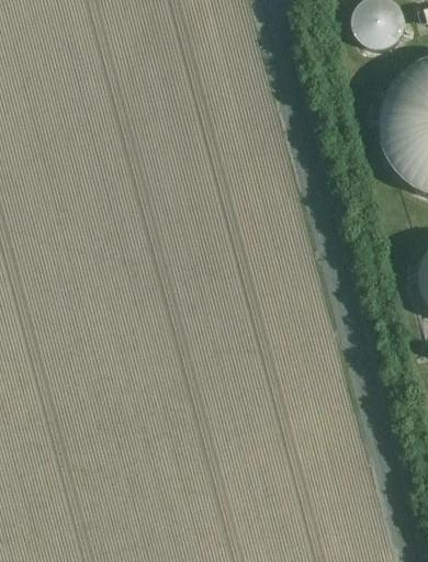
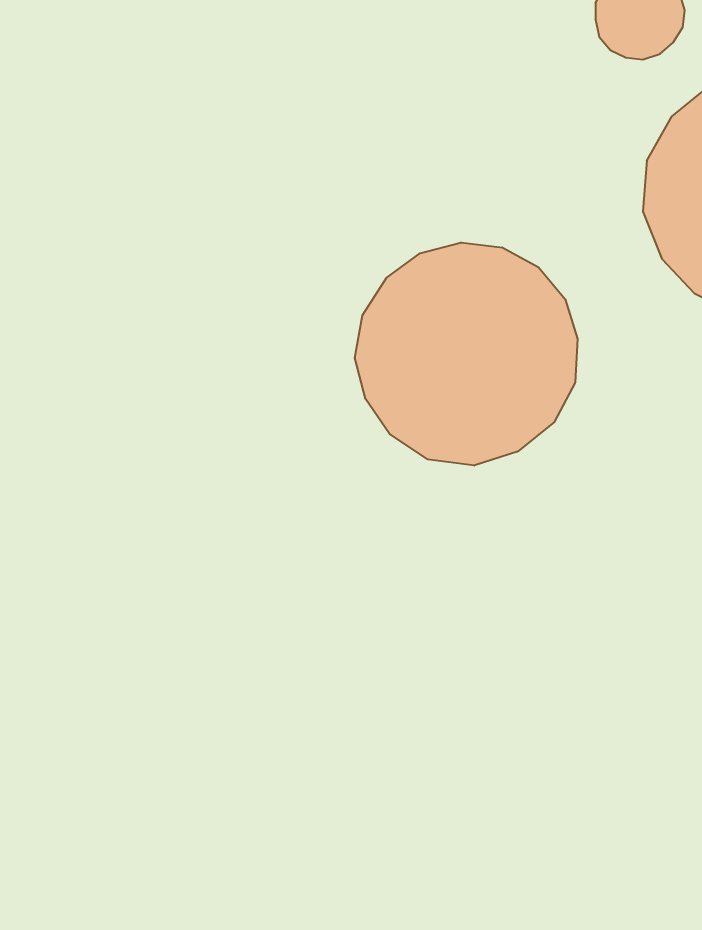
building: none -> [355,242,578,466]

